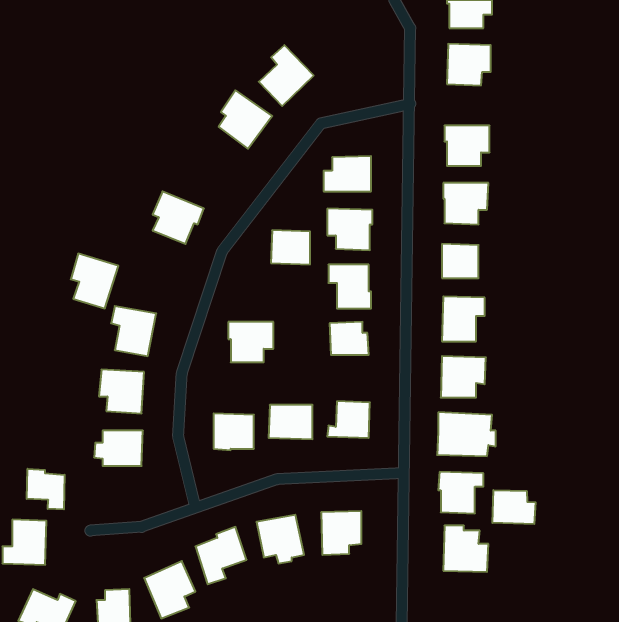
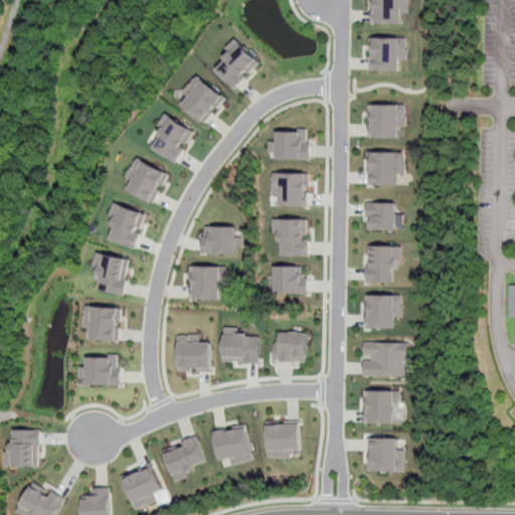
building: none -> [150,114,193,163]
building: [271,230,310,264] -> [201,226,233,254]
building: [71,254,118,308] -> [106,203,145,248]
building: [27,469,65,509] -> none
building: [492,490,536,524] -> none

